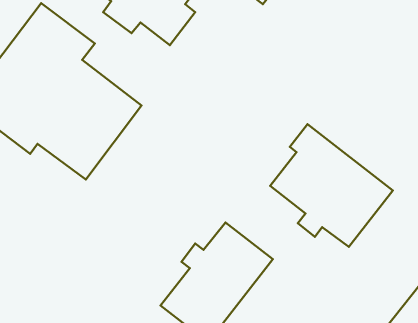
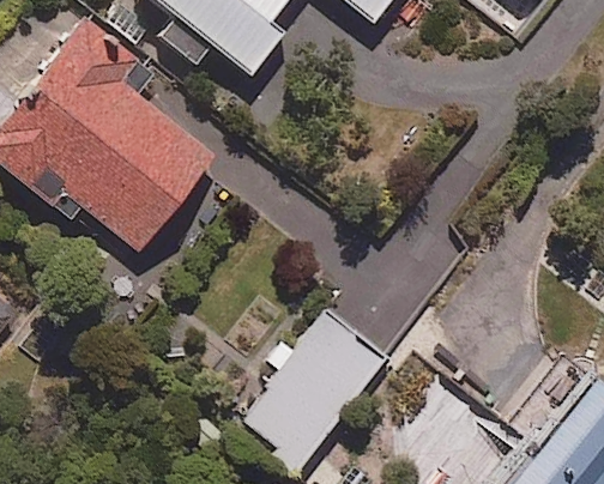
building: [270,124,393,247] -> none

